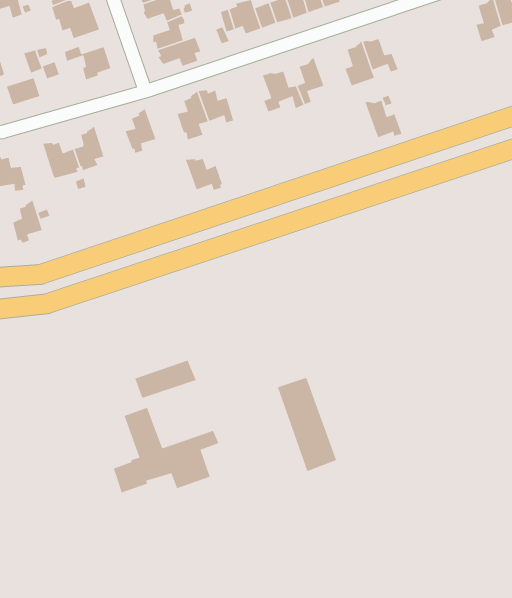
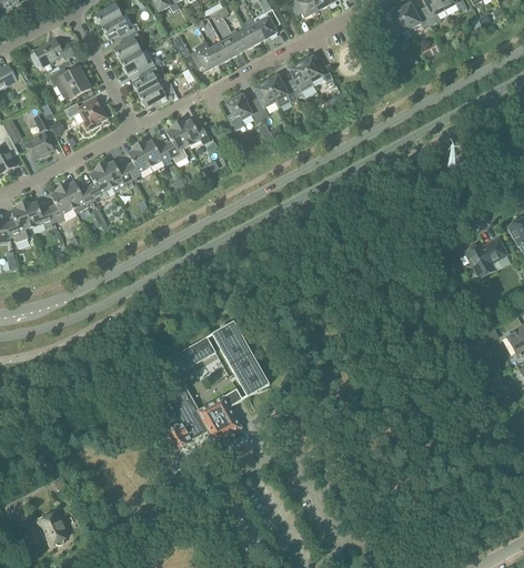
building: [364,100,402,138] -> [264,74,299,105]
building: none -> [100,160,133,191]
building: [185,158,223,191] -> [138,139,171,165]
building: [12,199,43,244] -> [48,184,73,221]
building: [277,377,337,472] -> [212,320,270,395]

